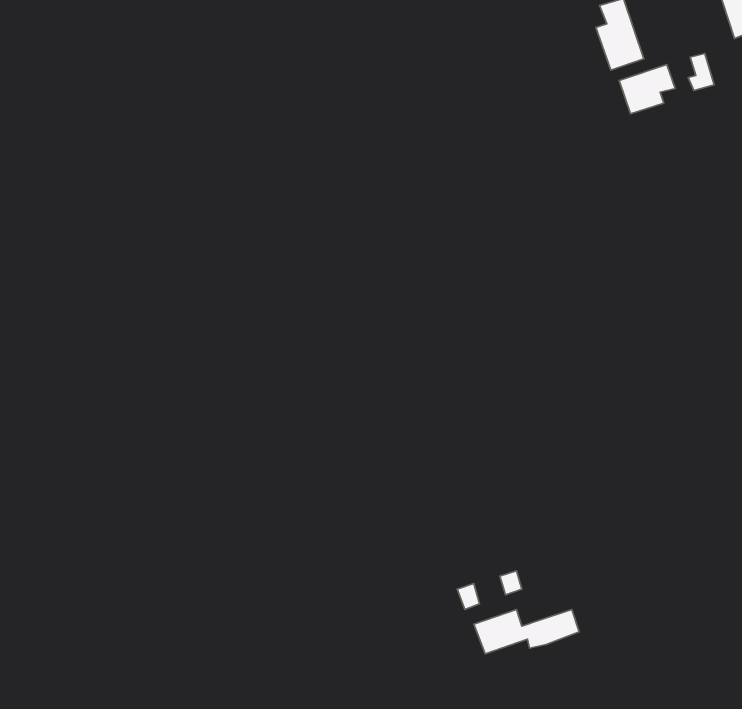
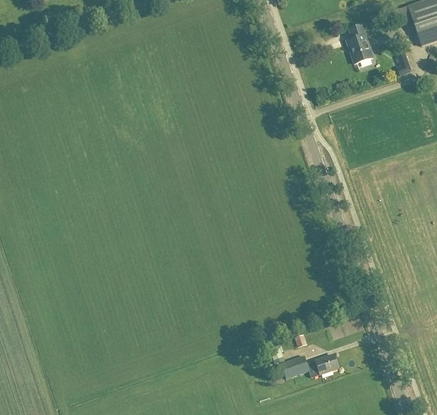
building: [619,65,675,114] -> none

